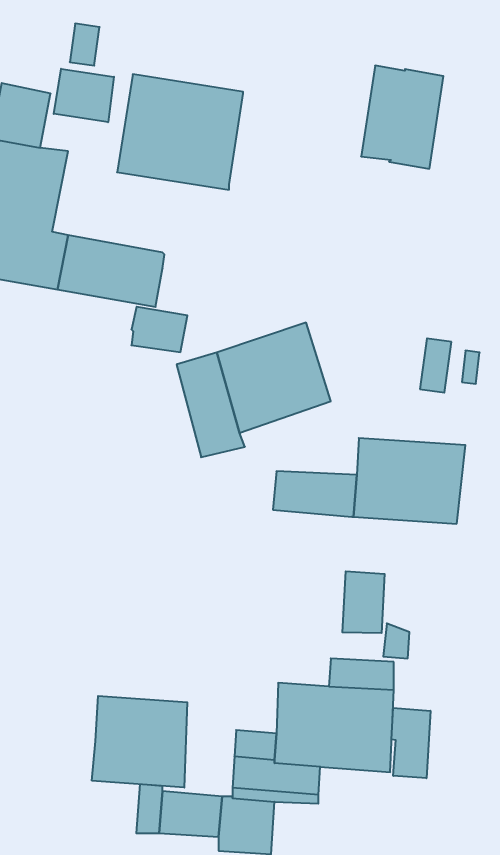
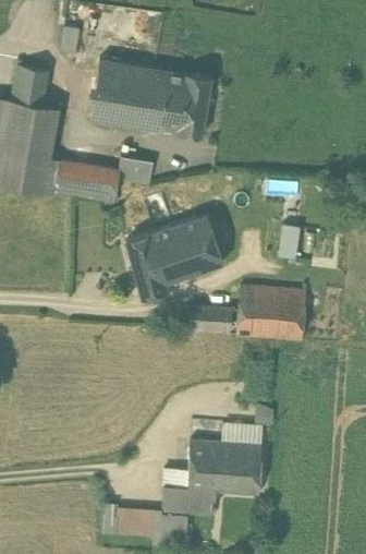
building: [361,66,443,169] -> [160,71,211,135]
building: [54,69,114,122] -> none
building: [131,307,187,352] -> [119,156,154,184]
building: [342,571,385,633] -> none
building: [92,696,187,788] -> none
building: [392,708,430,778] -> none

